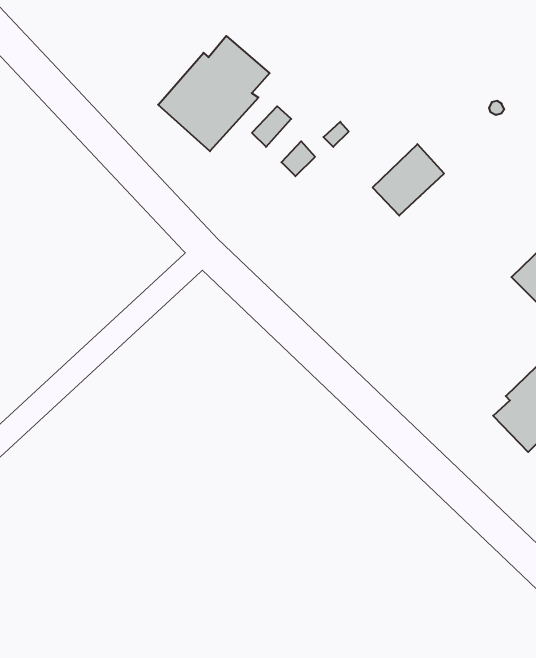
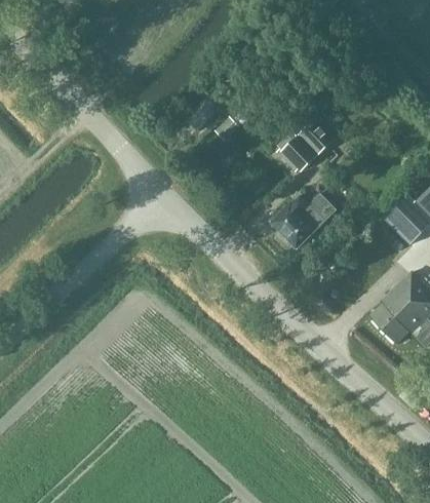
building: [158,36,270,151] -> none
building: none -> [269,196,334,249]

